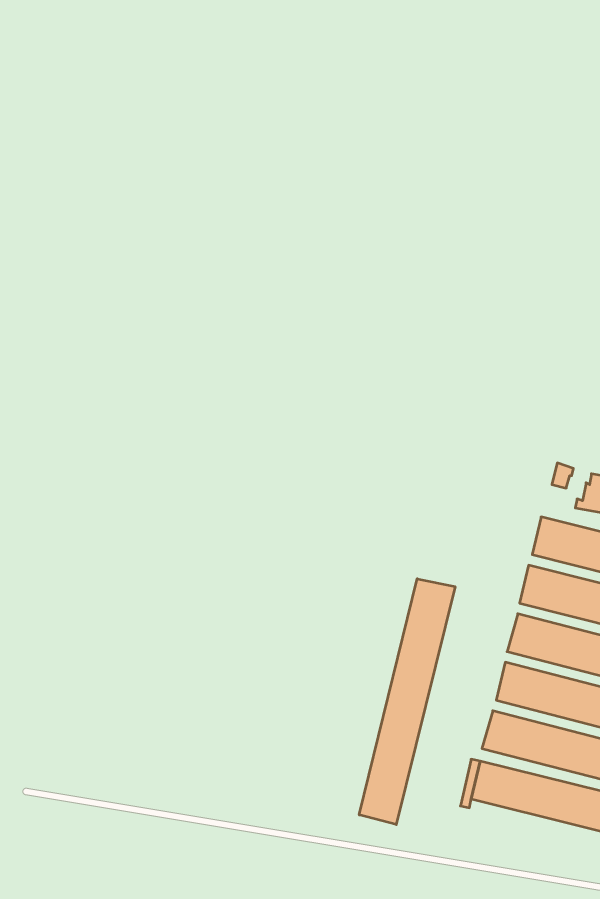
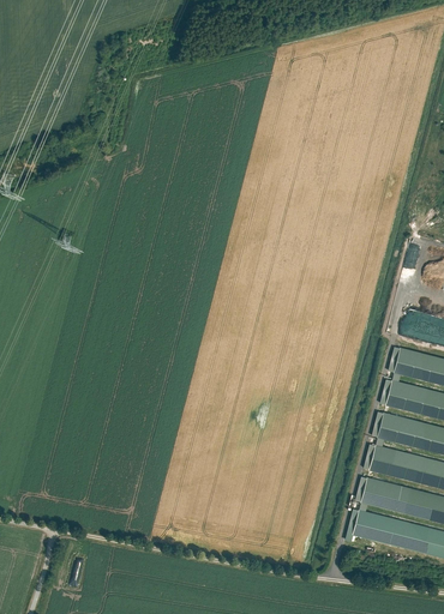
building: [359,579,455,825] -> none

